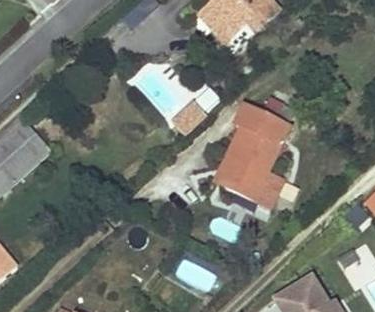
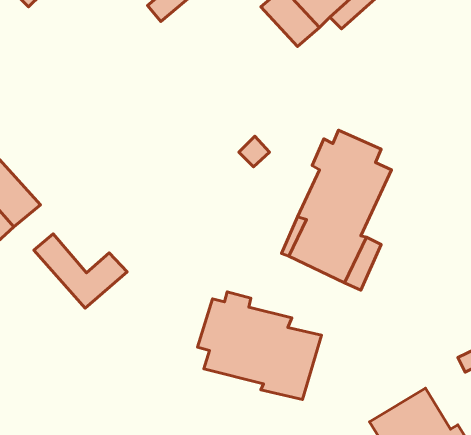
building: none -> [34,234,127,308]
building: none -> [198,292,322,400]

